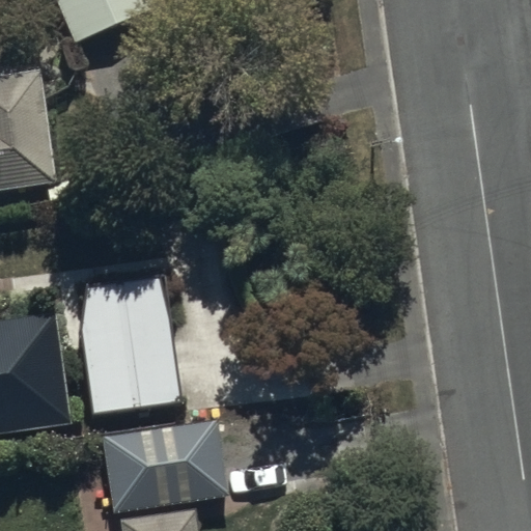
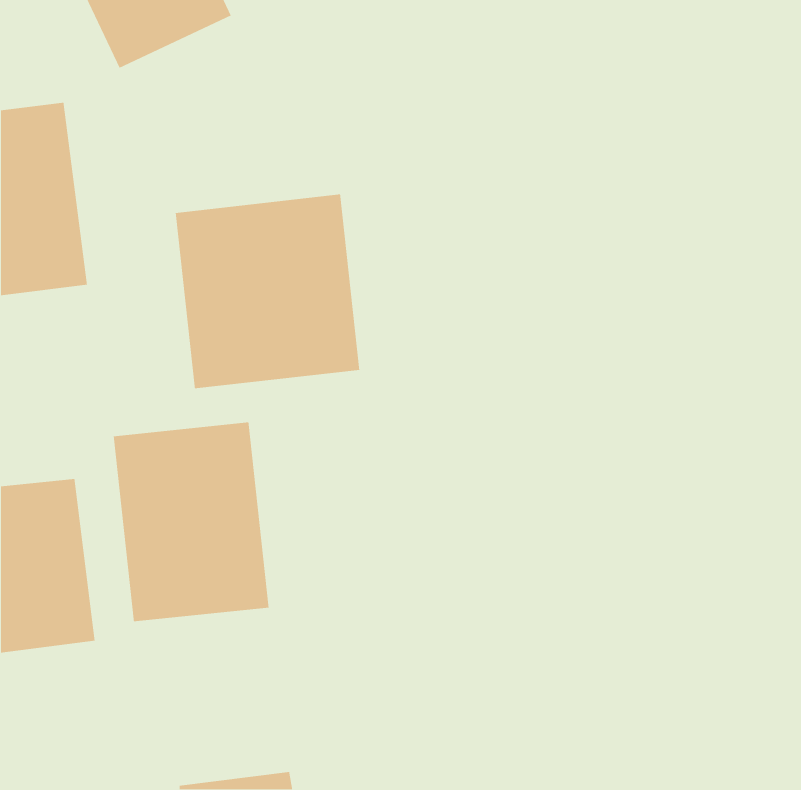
building: none -> [175,194,360,389]
building: [97,422,226,505] -> none

